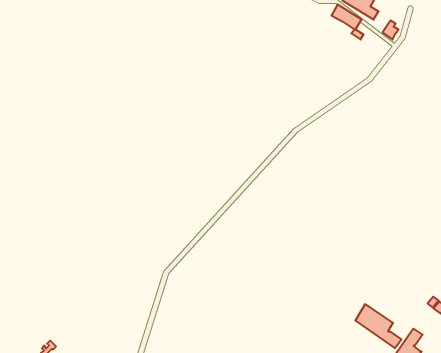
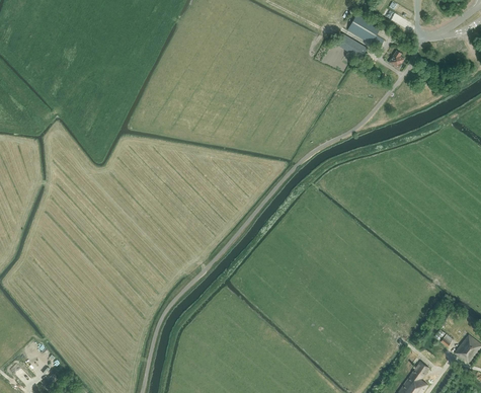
building: [355,304,401,348] -> none

